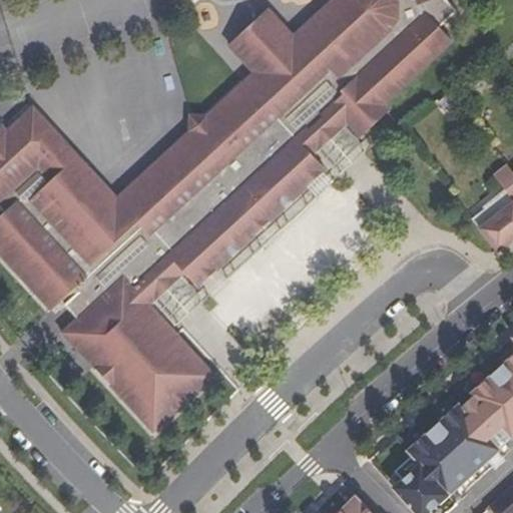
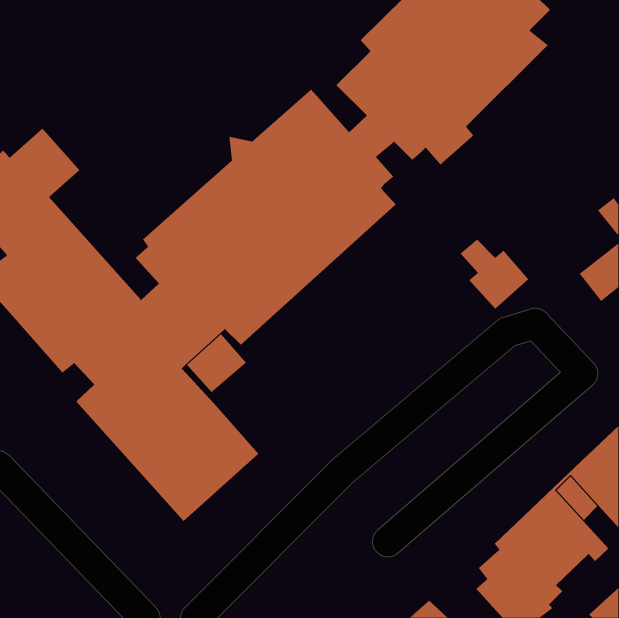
building: [230,10,305,81] -> none
building: [311,117,368,175] -> [460,239,529,309]
building: [41,140,130,246] -> none

